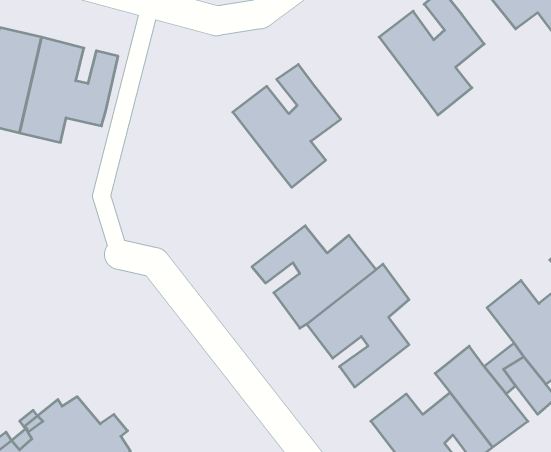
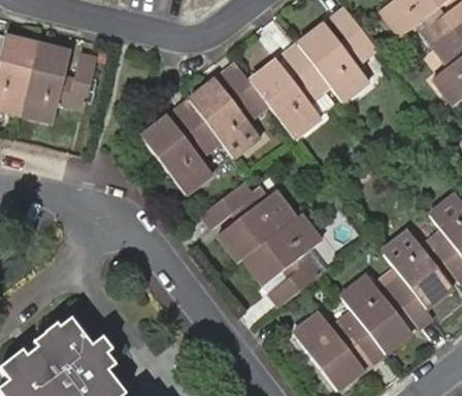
building: none -> [251,44,331,139]
building: none -> [142,101,221,194]

